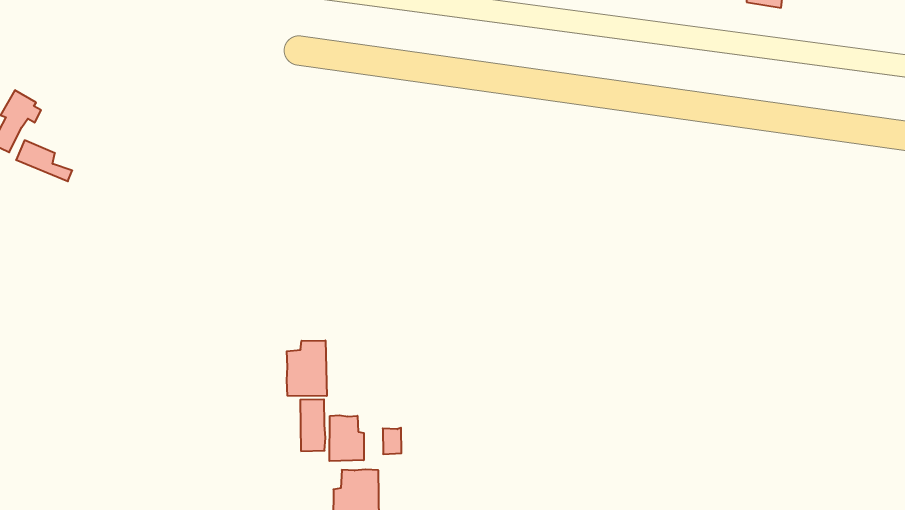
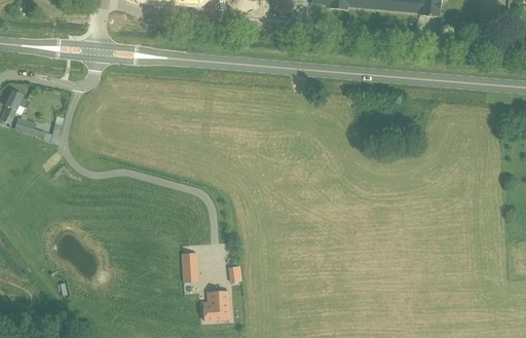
building: [287,340,327,396] -> none
building: [329,415,364,461] -> none

